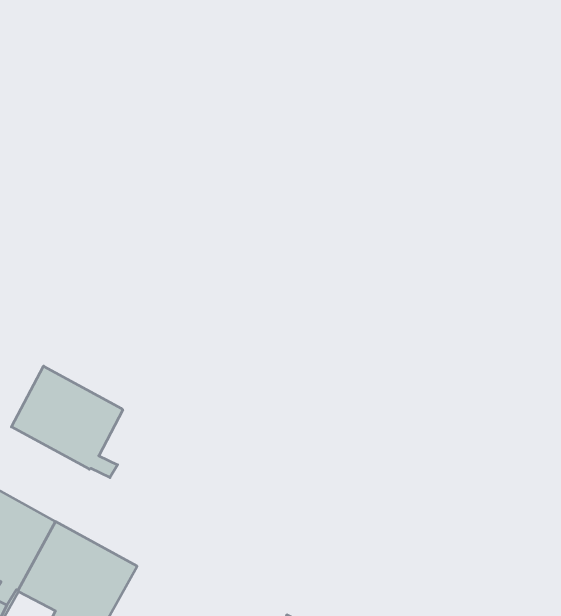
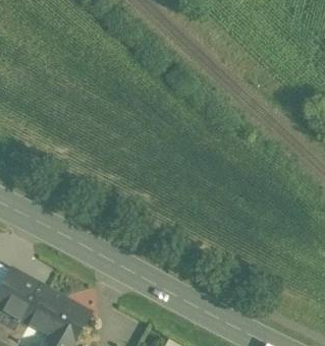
building: [11,366,123,478] -> none

